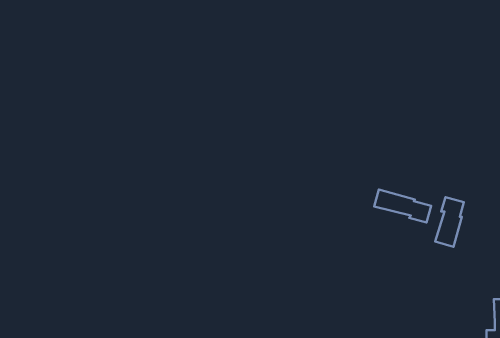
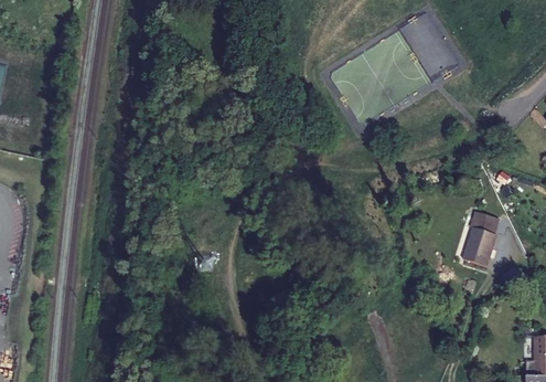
building: [374,190,431,223] -> none

